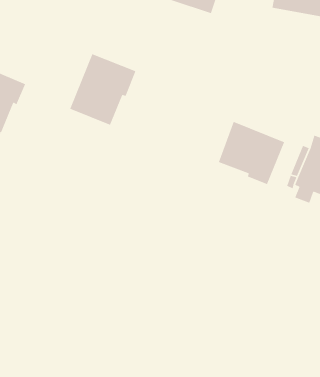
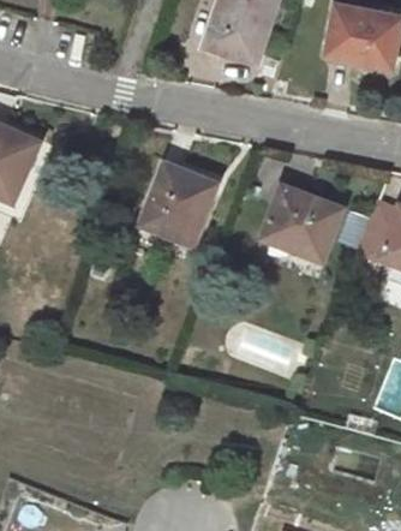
building: [69,53,136,126] -> [140,160,219,244]

